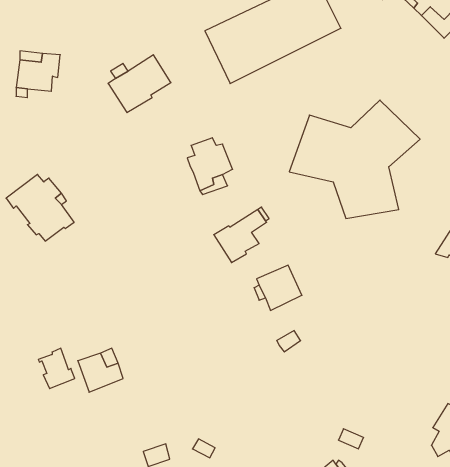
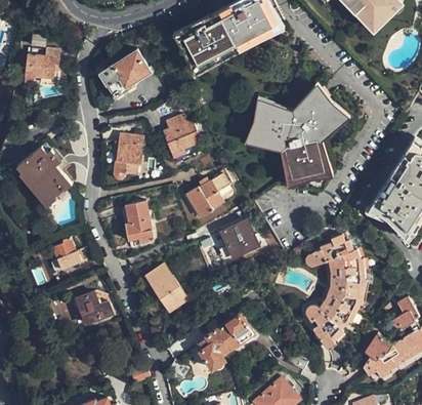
building: none -> [114,135,143,178]
building: none -> [121,203,155,242]
building: none -> [306,233,371,349]
building: none -> [143,264,186,312]
building: [38,348,75,389] -> [51,238,81,271]
building: none -> [198,316,252,373]

